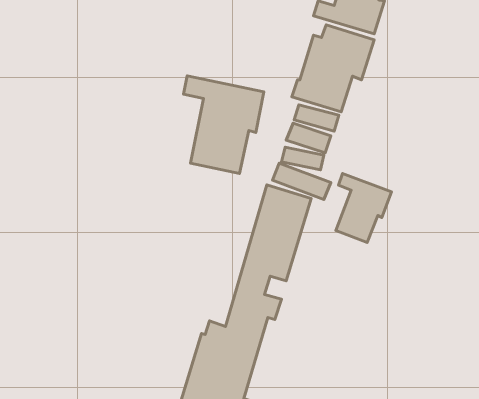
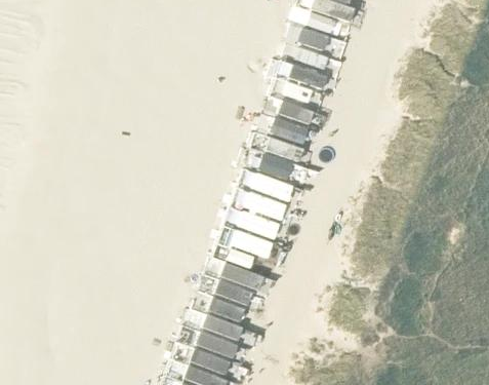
building: [184,76,264,173] -> none
building: [336,174,391,243] -> none

